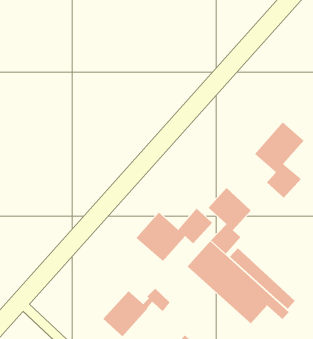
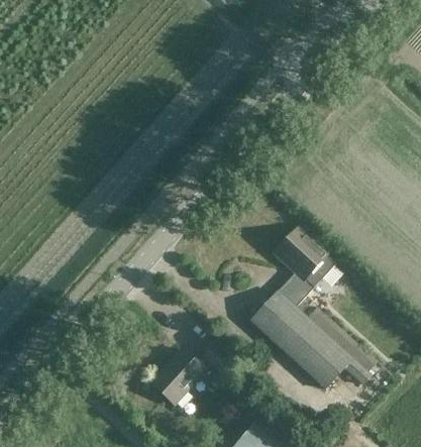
building: [254,121,305,198] -> none
building: [135,208,213,262] -> none

